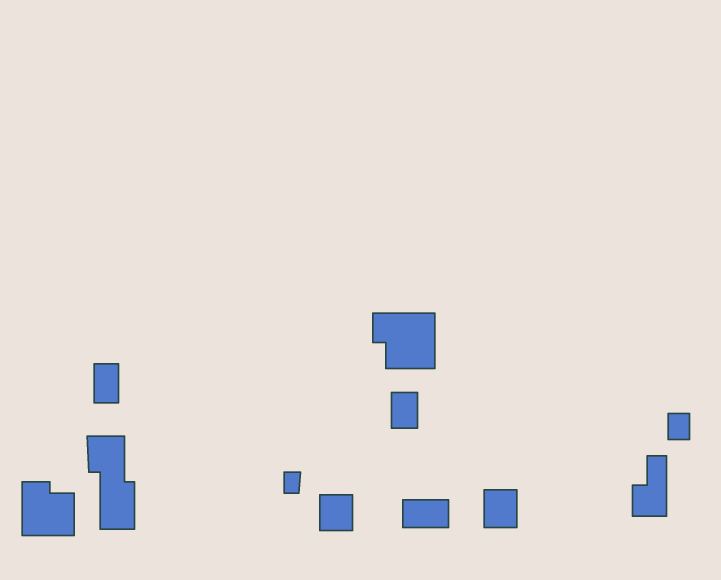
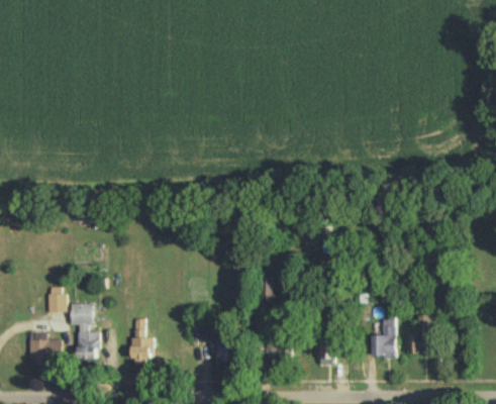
building: [373,313,435,368] -> none
building: [94,364,119,403] -> [48,286,64,310]
building: none -> [371,315,393,357]
building: none -> [131,318,153,363]

